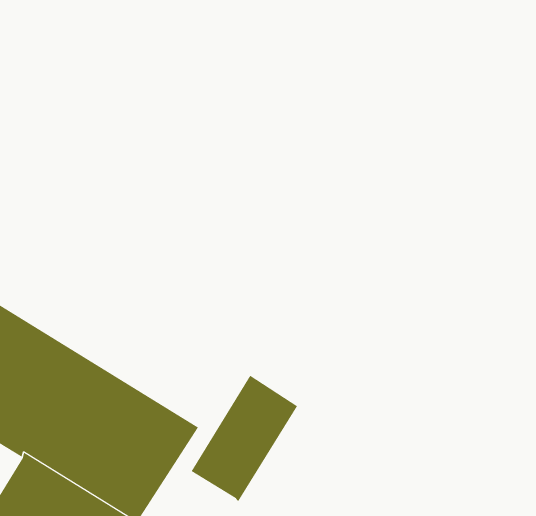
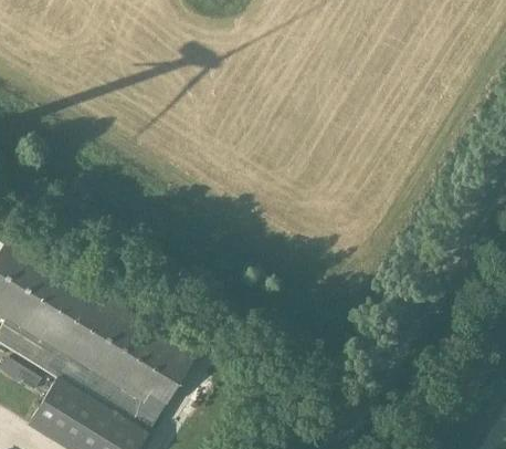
building: [191,375,298,502] -> none

